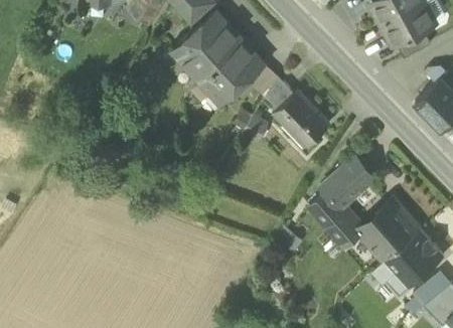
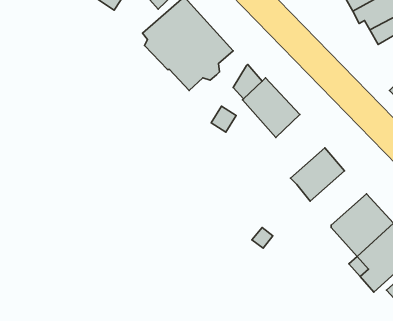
building: [248,64,277,104] -> none
building: [310,193,358,245] -> none

